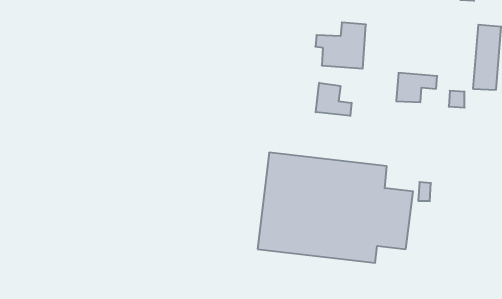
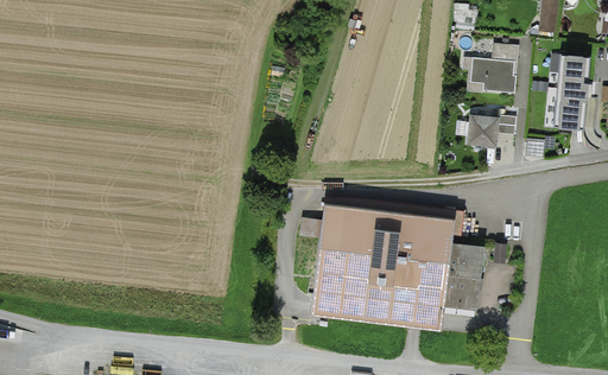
building: [315,22,366,69] -> [461,42,518,94]
building: [316,83,352,116] -> none

